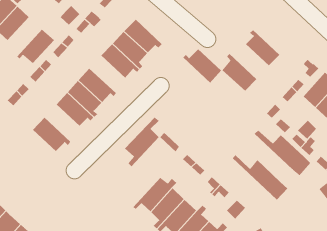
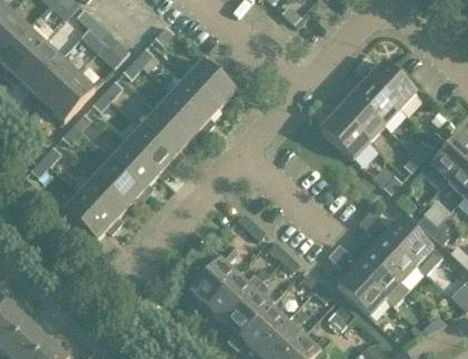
building: none -> [30,57,76,110]
building: none -> [363,61,416,108]
building: [183,49,222,84] -> [331,94,384,141]
building: none -> [141,109,189,160]
building: none -> [80,176,127,226]
building: [124,117,159,167] -> [189,246,237,315]
building: none -> [358,215,416,281]
building: none -> [329,249,386,315]

